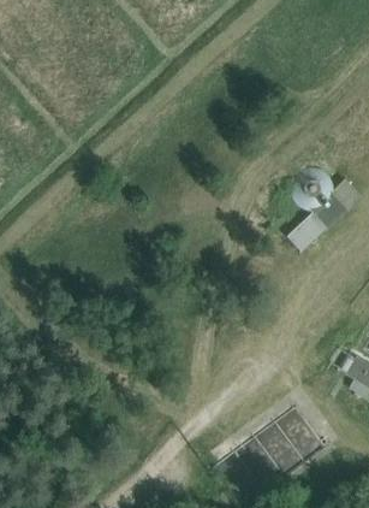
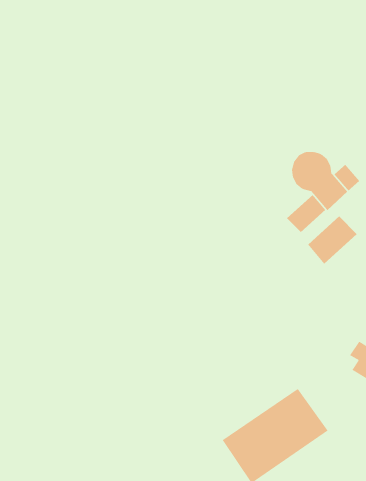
building: none -> [308,215,358,264]

